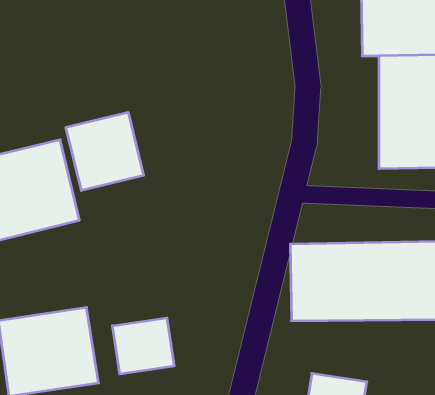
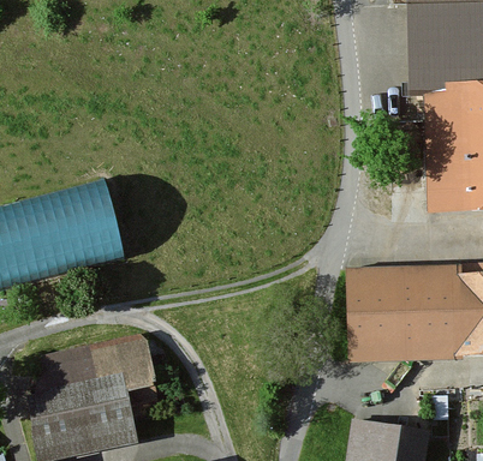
building: [66,112,144,191] -> none
building: [112,318,174,374] -> none

